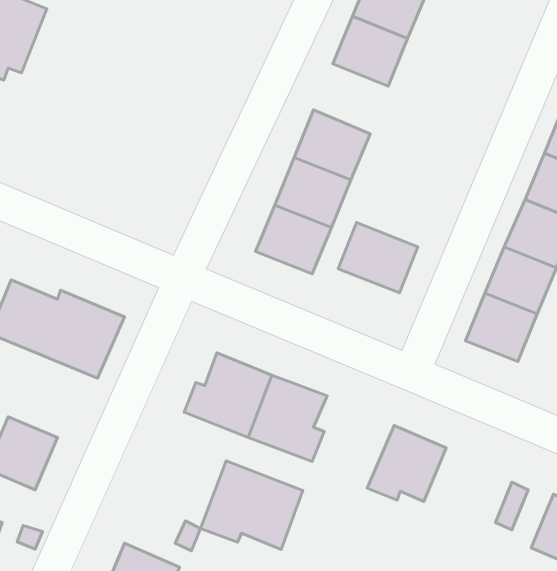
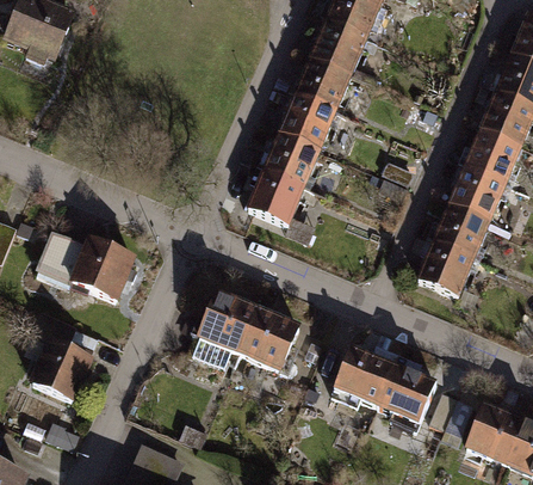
building: none -> [293,56,353,112]
building: [338,223,418,293] -> none
building: none -> [382,355,441,430]
building: [200,461,303,549] -> none

